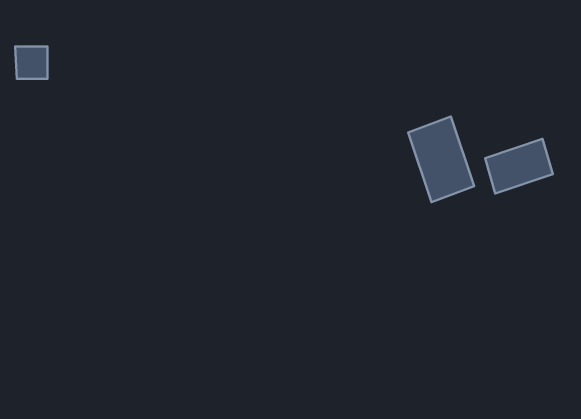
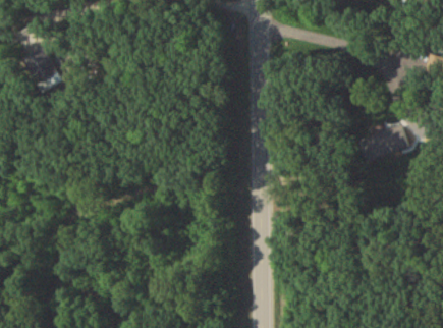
building: [408,116,474,202] -> none

